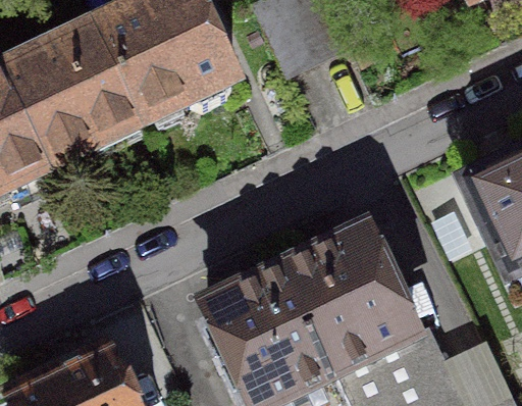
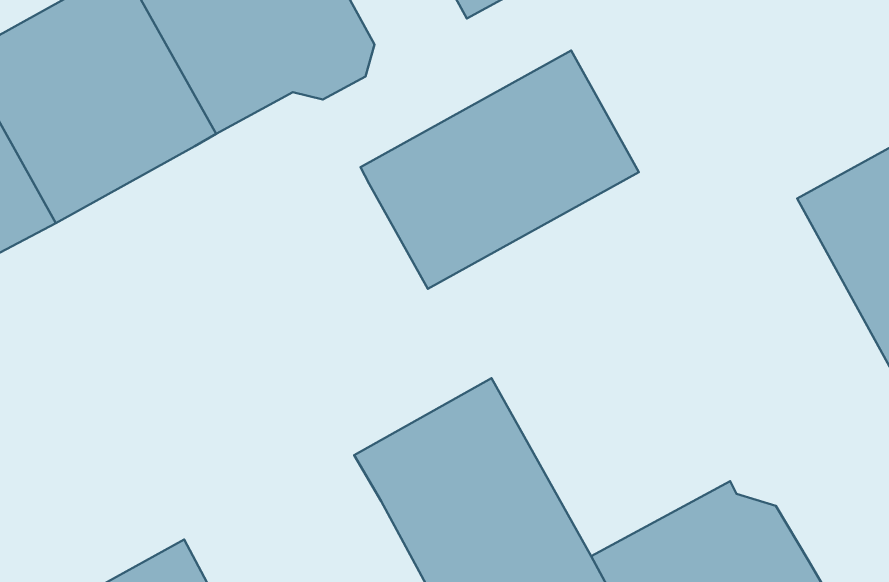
building: none -> [360,51,639,289]
building: [285,231,414,370] -> none

